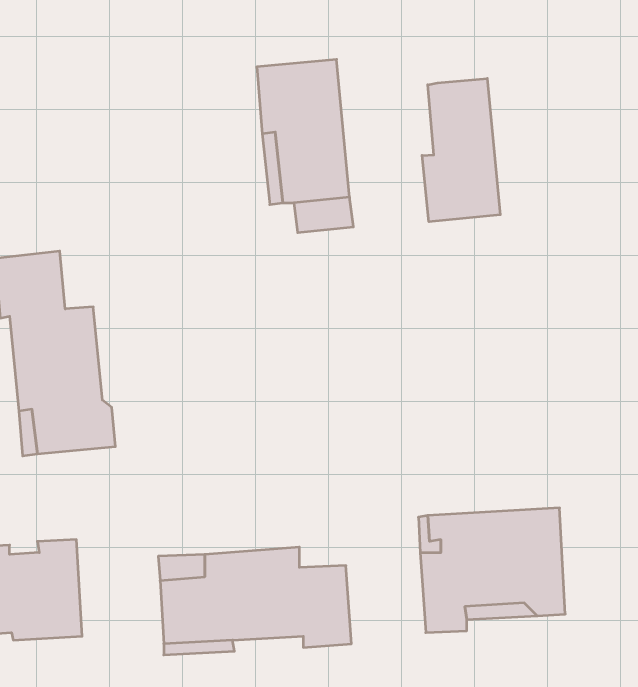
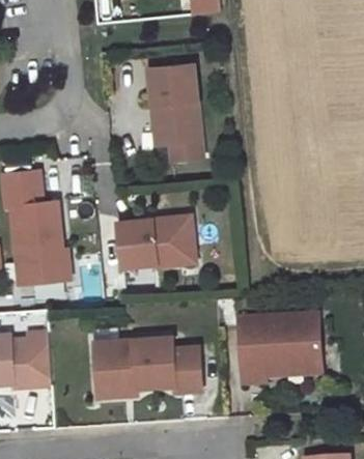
building: [422,78,500,222] -> none
building: none -> [116,216,195,268]

